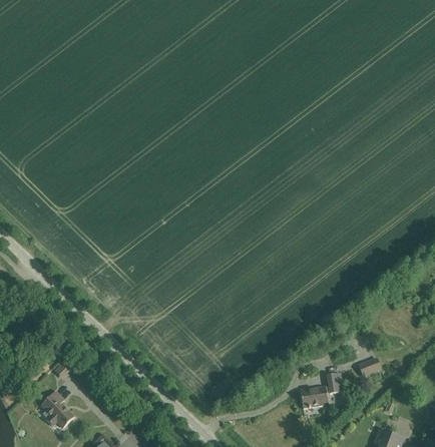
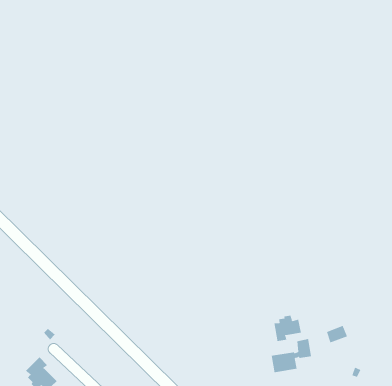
building: none -> [274,315,301,342]

